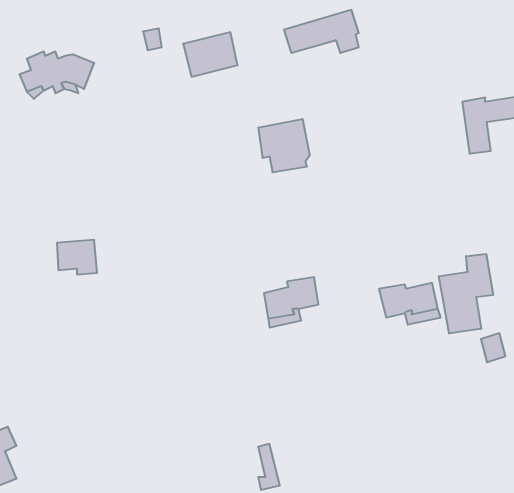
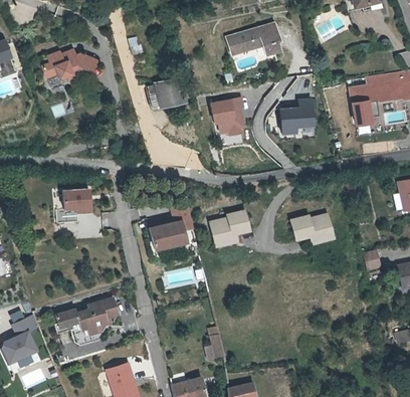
building: [183,32,238,77] -> [146,78,184,110]
building: none -> [277,108,314,136]
building: [439,254,493,334] -> none
building: none -> [149,203,193,248]
building: none -> [55,297,120,334]

